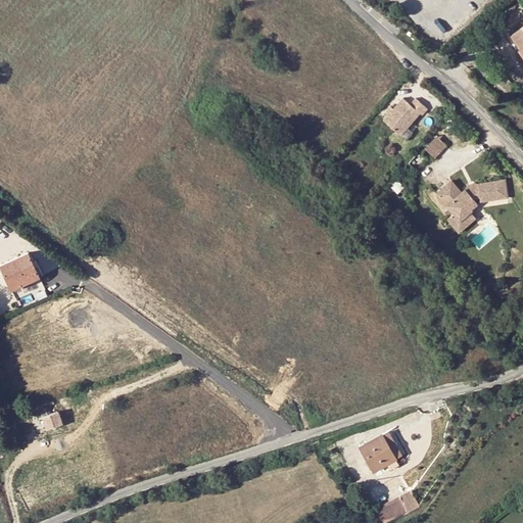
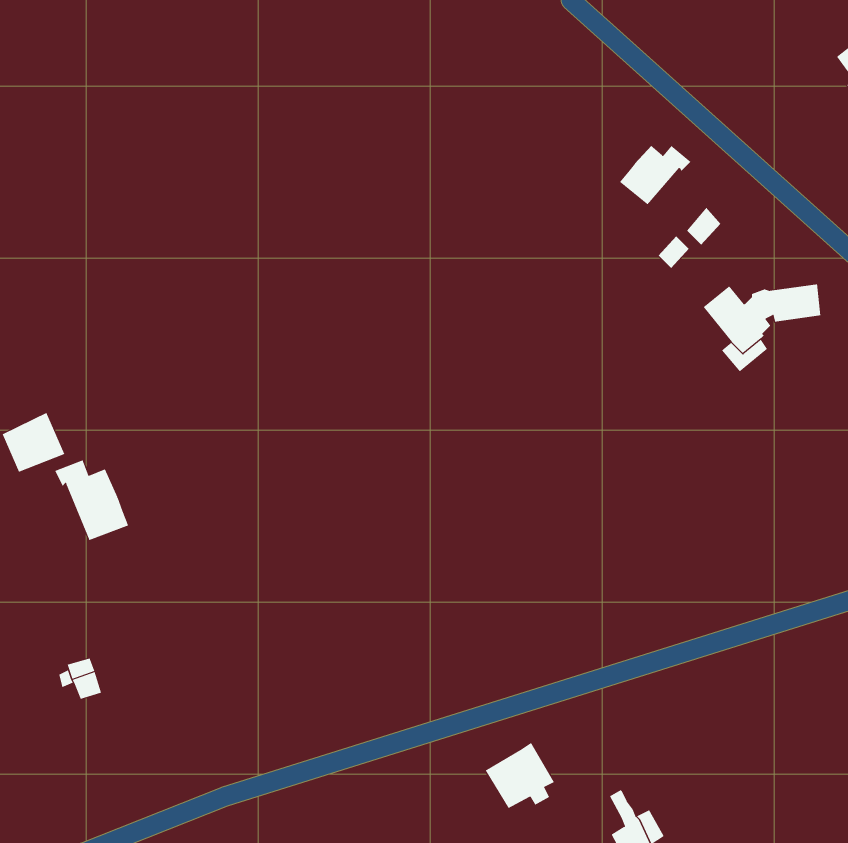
building: none -> [55,460,129,541]
building: [363,435,406,476] -> [485,742,555,809]

